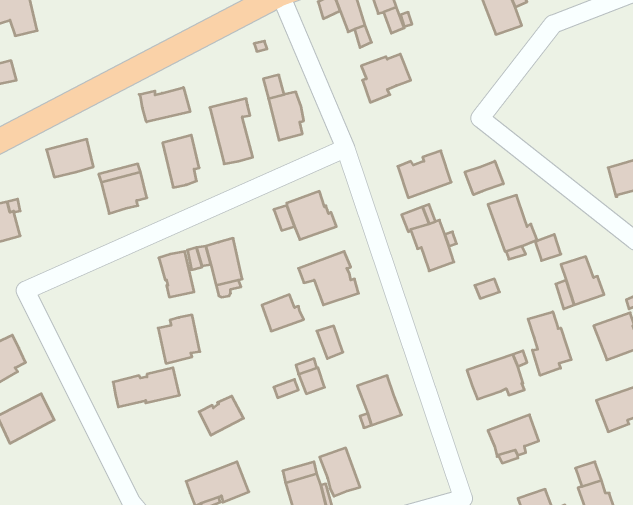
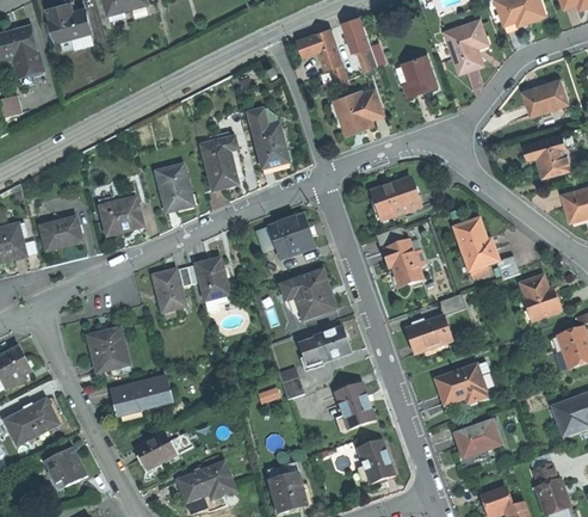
building: none -> [402,55,437,96]
building: none -> [524,79,568,115]
building: [139,87,190,122] -> none
building: none -> [525,135,571,176]
building: [46,139,93,177] -> [39,216,82,251]
building: [465,161,503,195] -> none
building: [262,295,304,331] -> [312,328,351,362]
building: none -> [406,315,451,353]
building: [528,312,571,375] -> none
building: [158,315,200,363] -> [89,328,128,373]
building: [199,396,244,435] -> [136,433,177,469]
building: none -> [45,449,86,486]
building: [320,448,360,496] -> [357,439,394,484]

